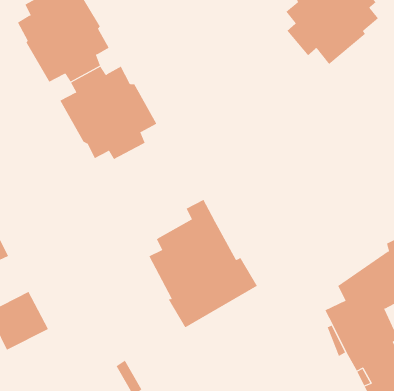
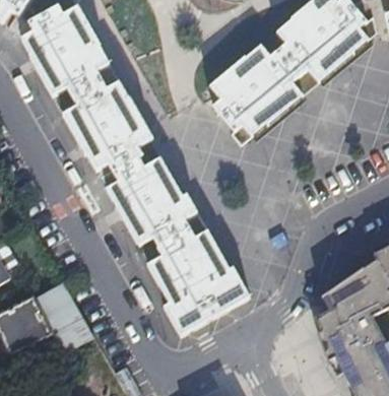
building: none -> [210,44,304,143]
building: none -> [108,157,200,247]
building: none -> [33,282,93,351]

